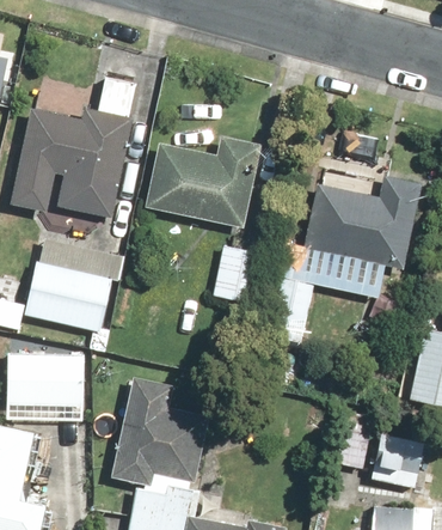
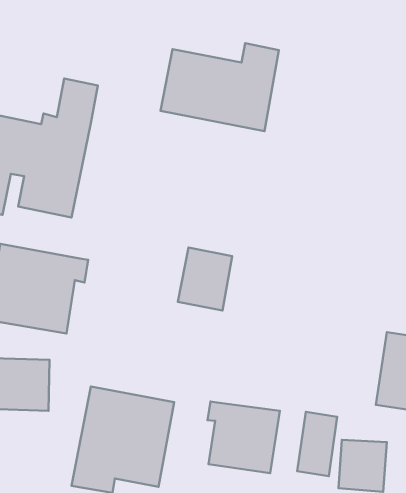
building: [141,139,258,226] -> [160,43,279,131]
building: [270,179,423,343] -> none
building: none -> [207,402,280,473]

